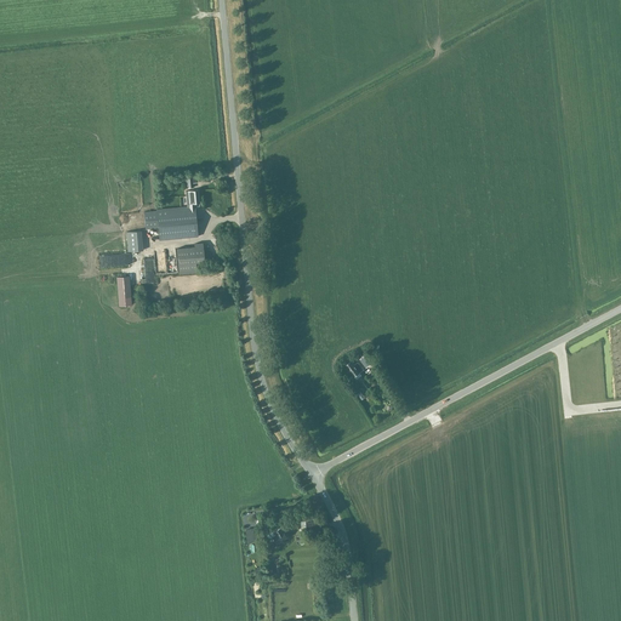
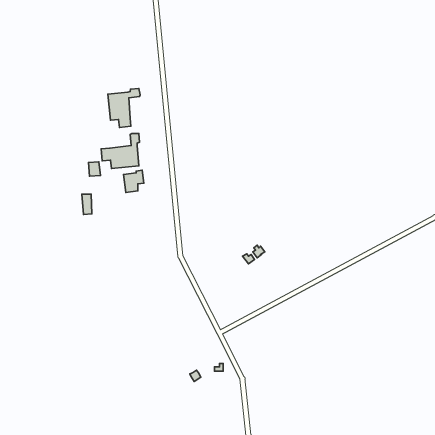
building: none -> [108,88,140,128]

